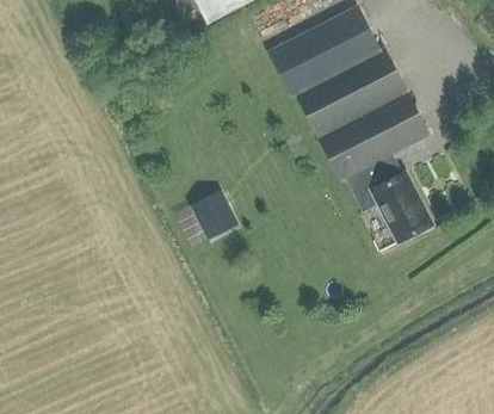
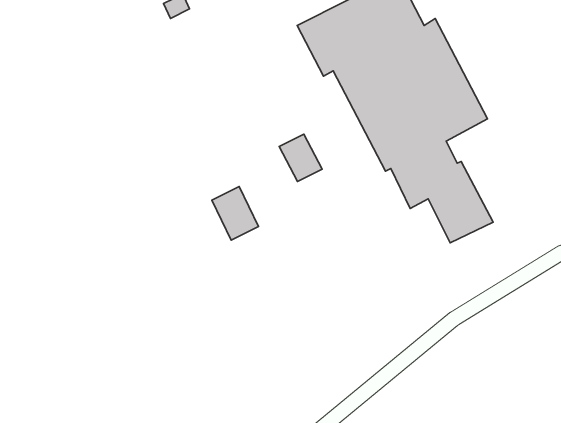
building: none -> [279,134,322,182]

